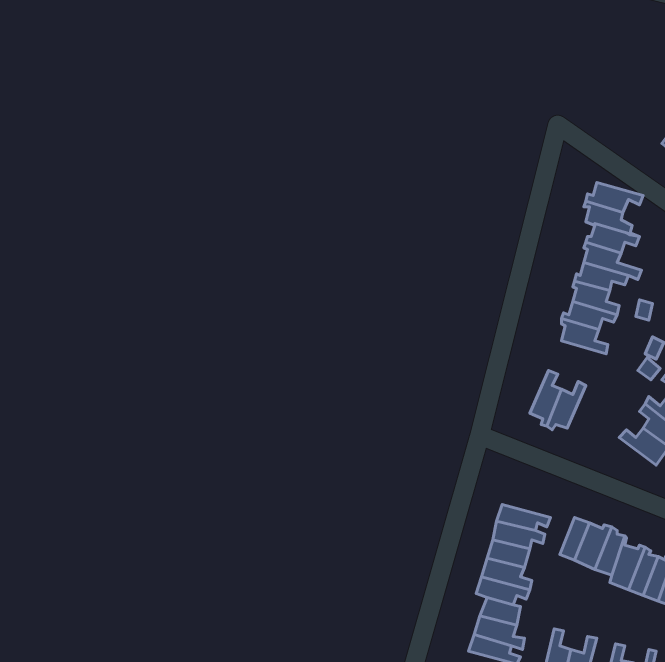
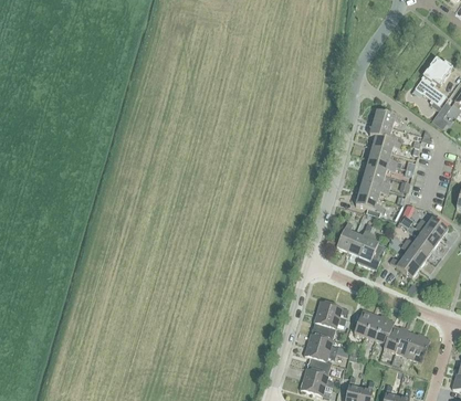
building: none -> [357,230,386,268]

